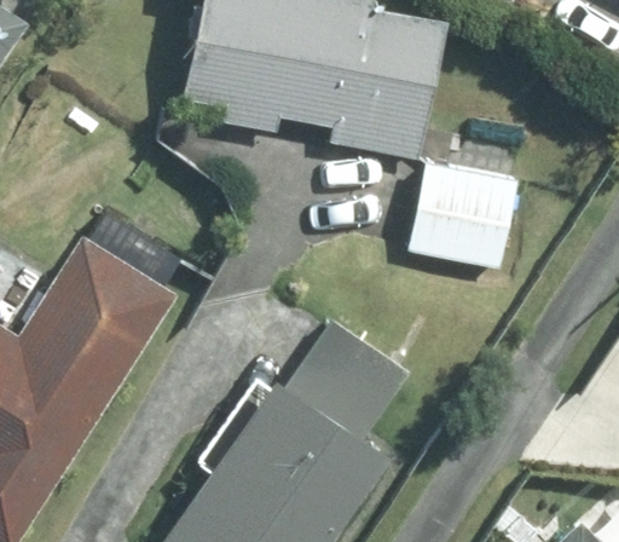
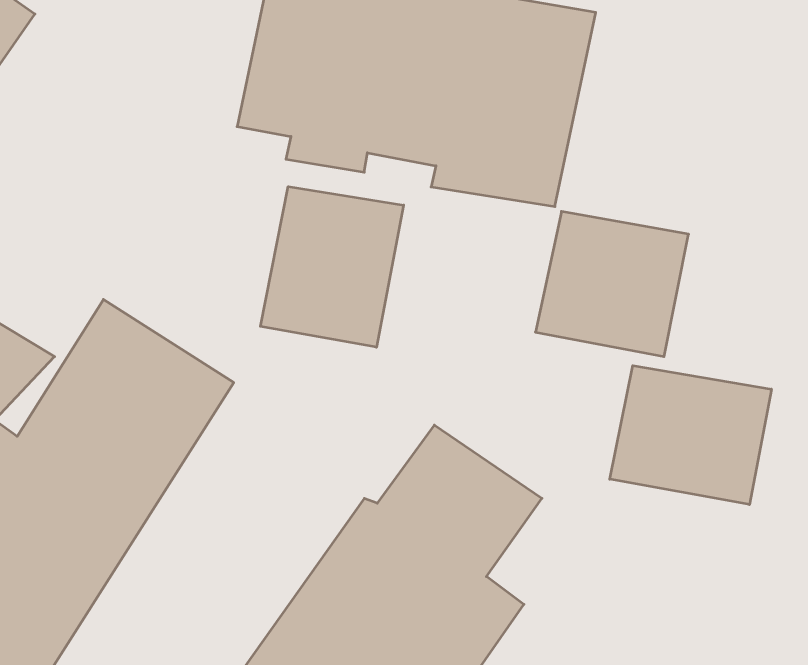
building: none -> [260,187,404,347]
building: none -> [610,366,771,505]

